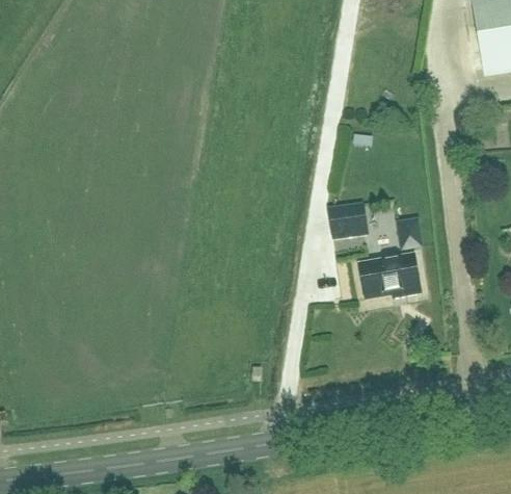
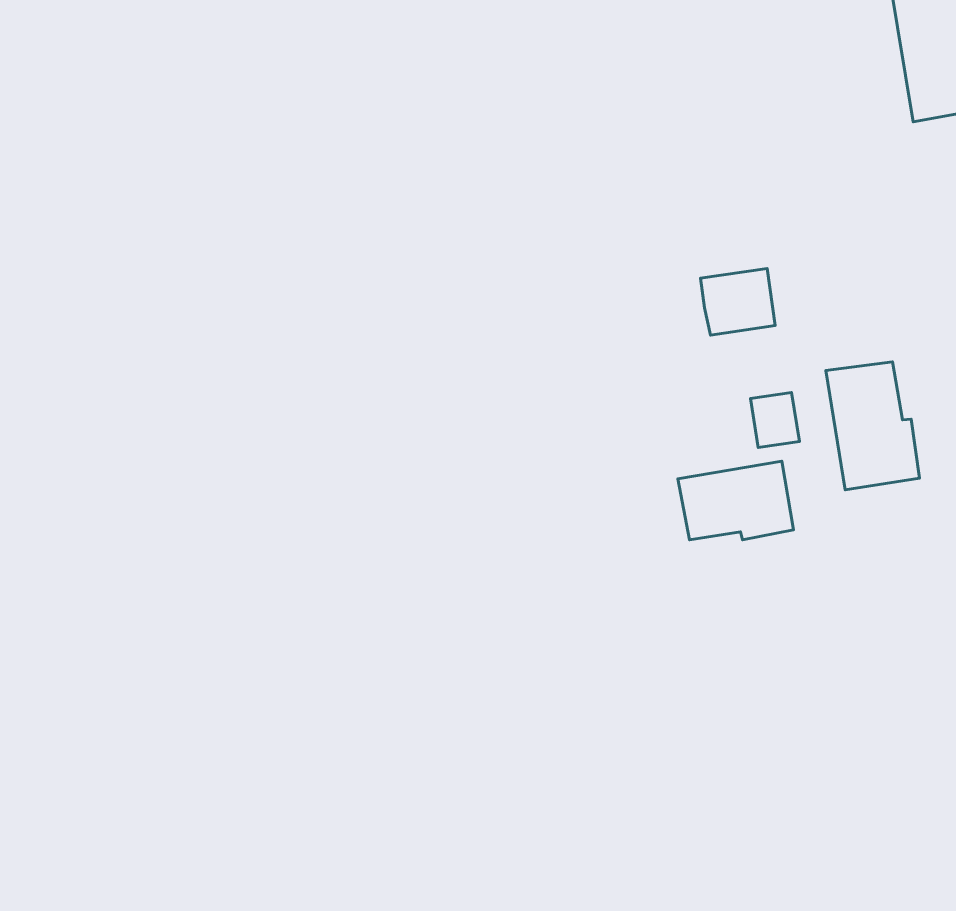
building: [328,202,368,237] -> [701,268,775,335]
building: none -> [826,362,919,490]

